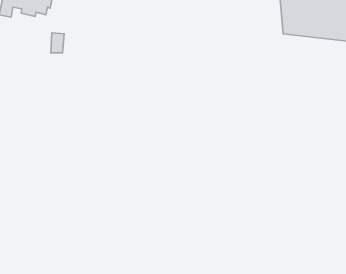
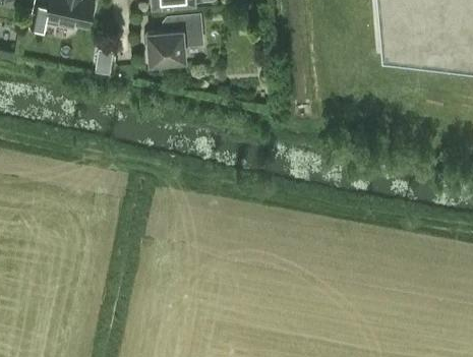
building: none -> [145,14,203,63]

